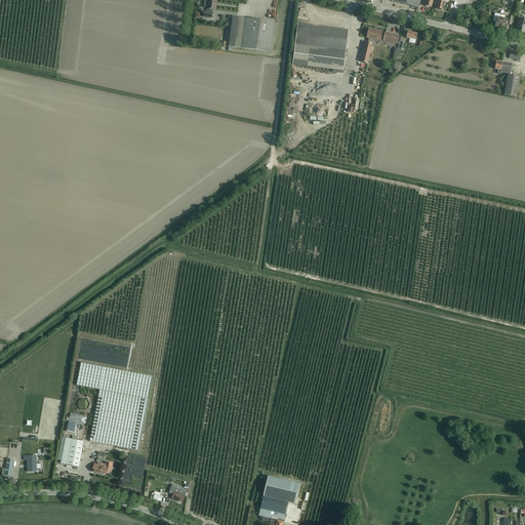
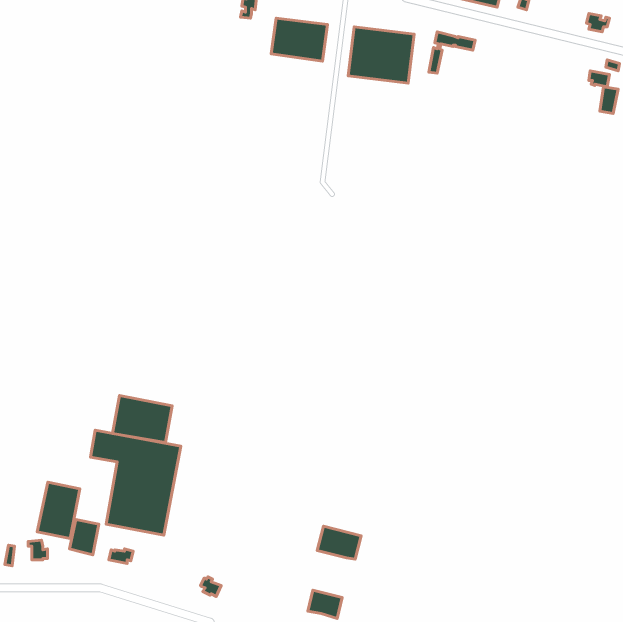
building: none -> [112,395,172,443]
building: none -> [37,482,80,539]
building: [262,475,299,502] -> [317,526,361,559]

